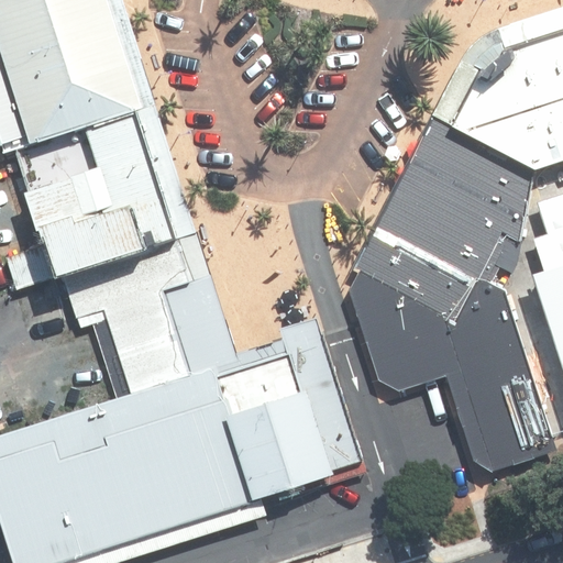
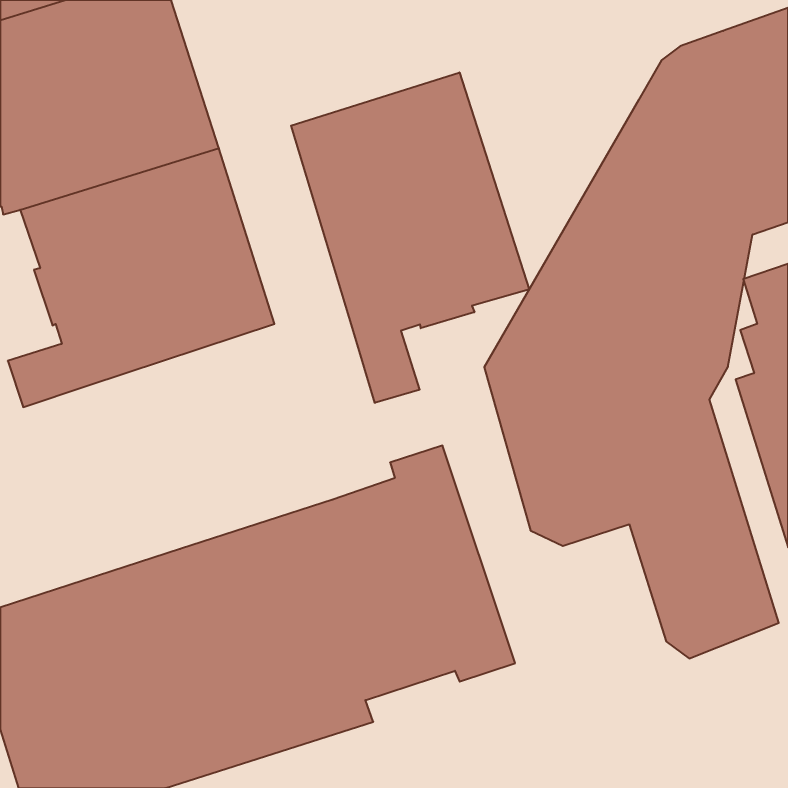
building: none -> [291,72,529,403]
building: [63,231,238,391] -> none

